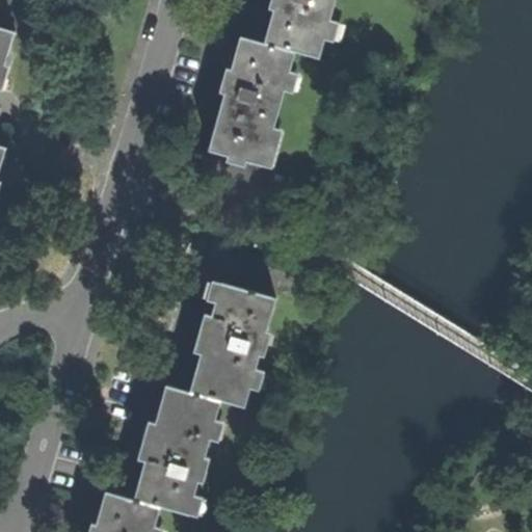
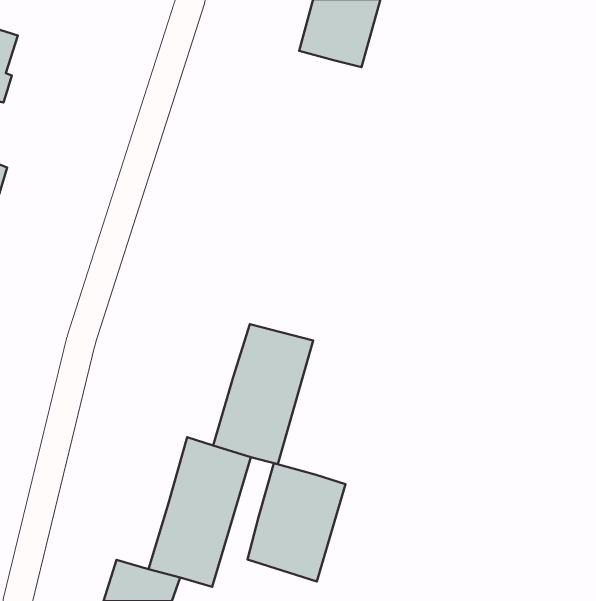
building: [208,38,294,167] -> none
building: none -> [248,463,346,581]

